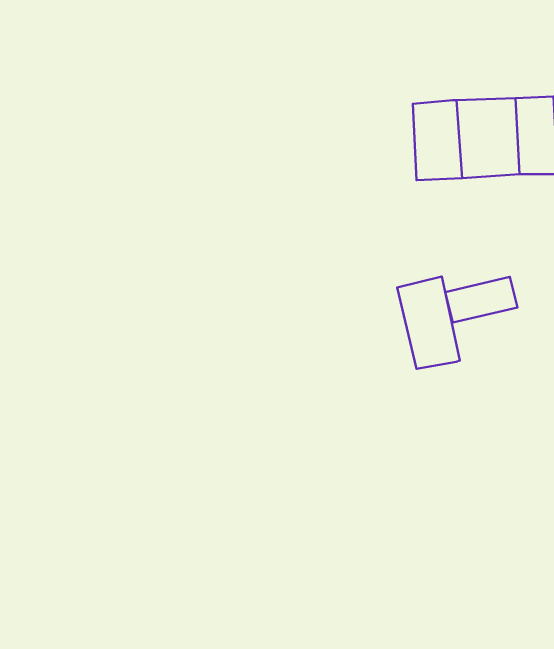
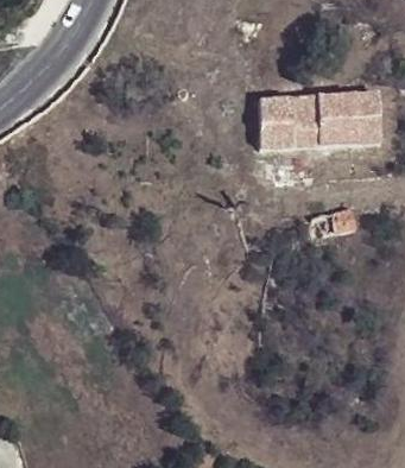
building: none -> [260,96,292,145]
building: [397,276,460,369] -> none

